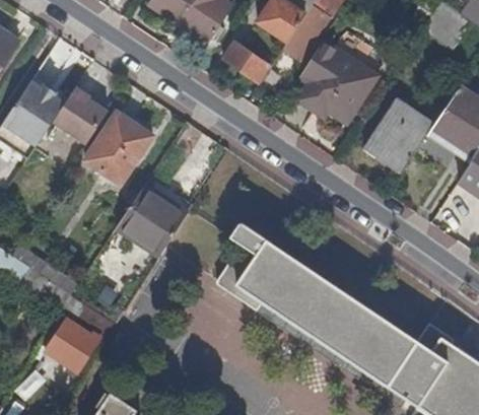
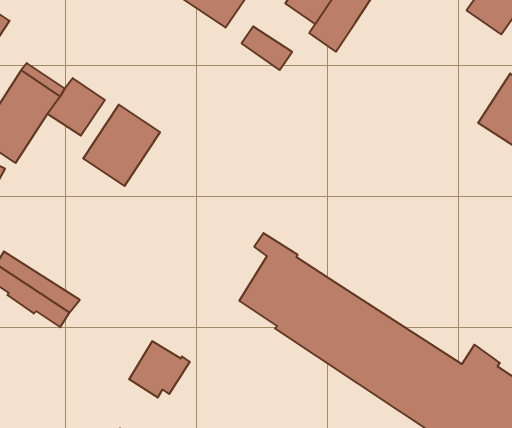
building: [297,39,379,122] -> none
building: [363,100,432,171] -> none
building: [116,178,194,257] -> none
building: [45,319,98,368] -> [129,341,190,398]

